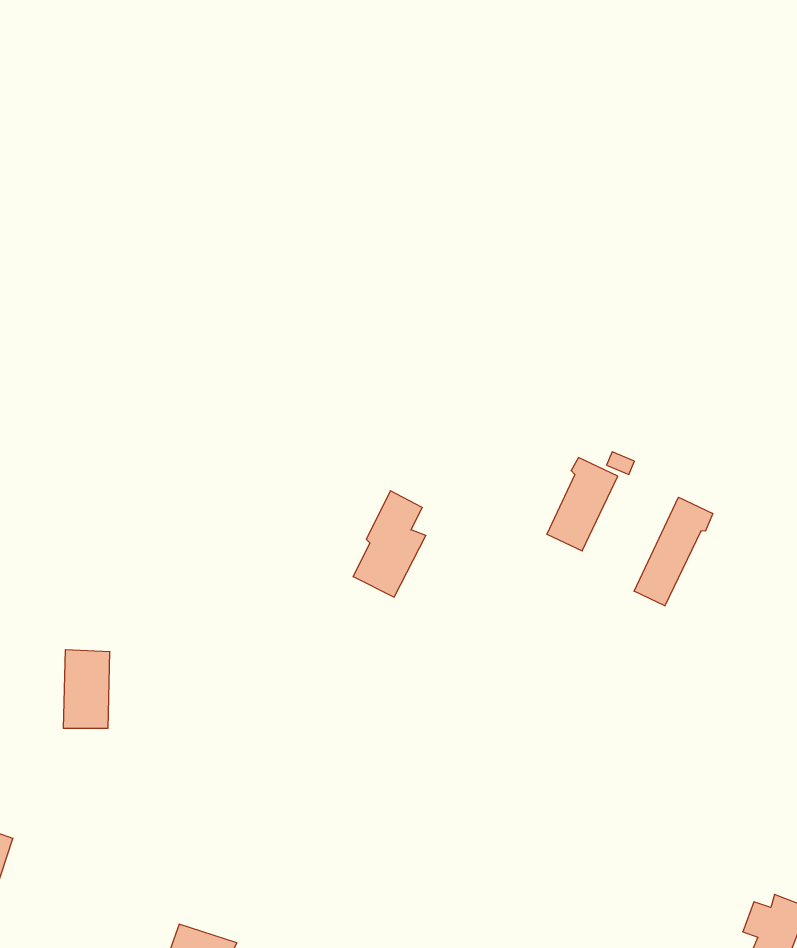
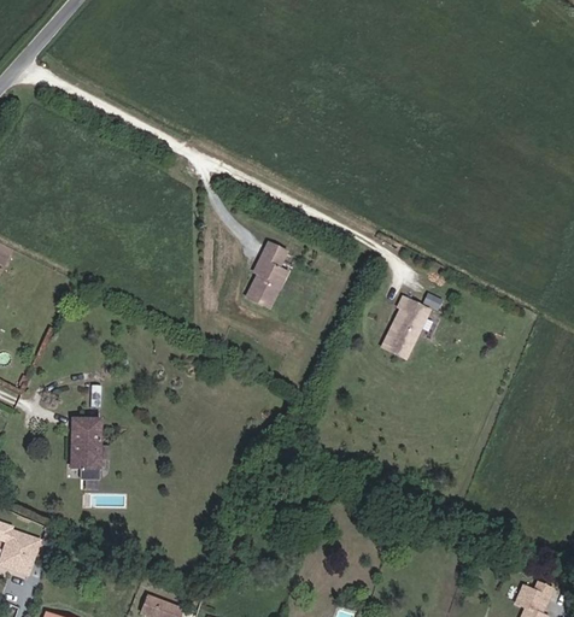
building: [353,491,426,597] -> [242,241,289,310]
building: [634,497,713,606] -> none

